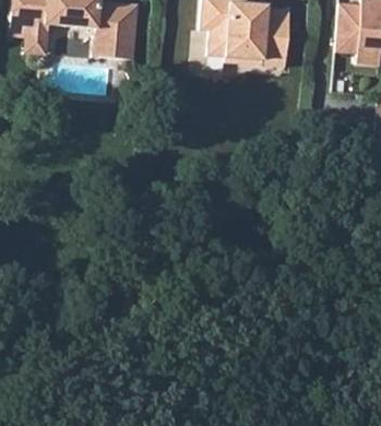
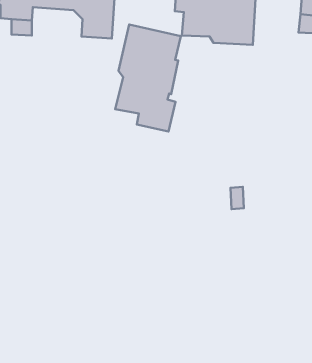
building: none -> [115,24,181,131]

